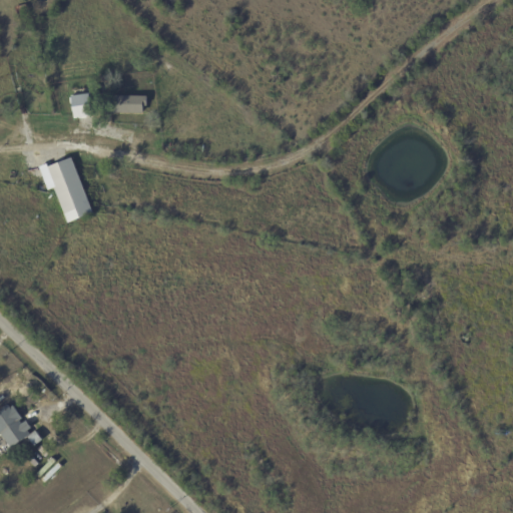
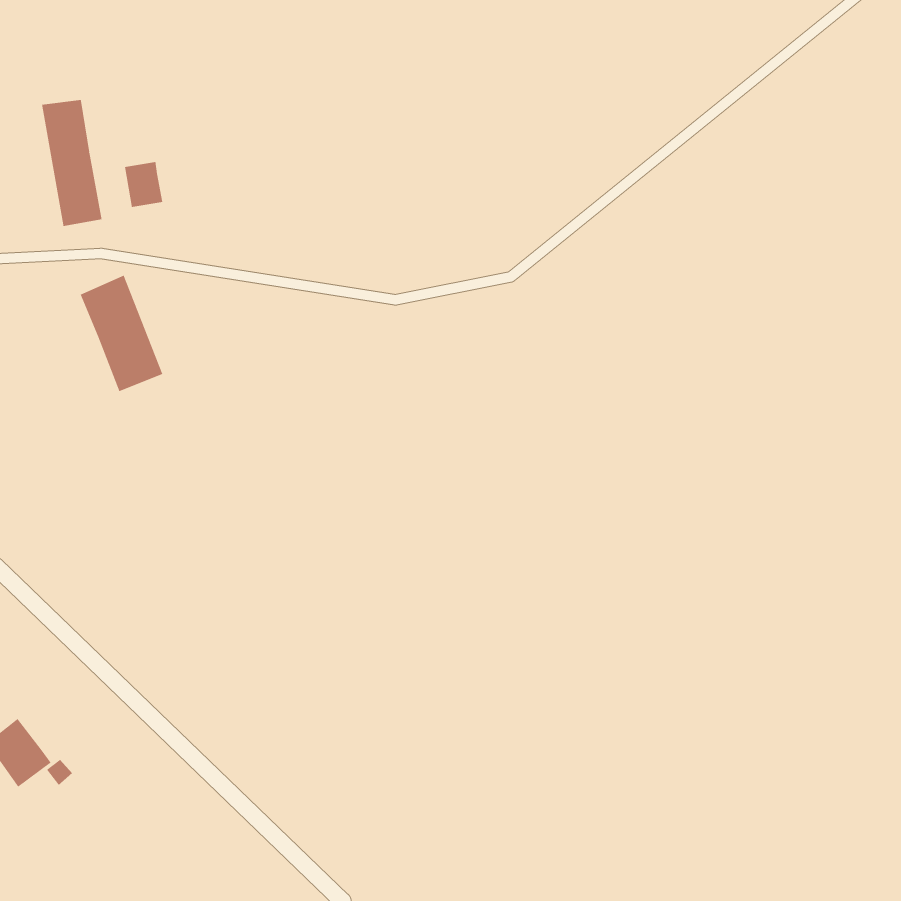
building: none -> [41,99,102,227]
building: [111,94,146,112] -> none

